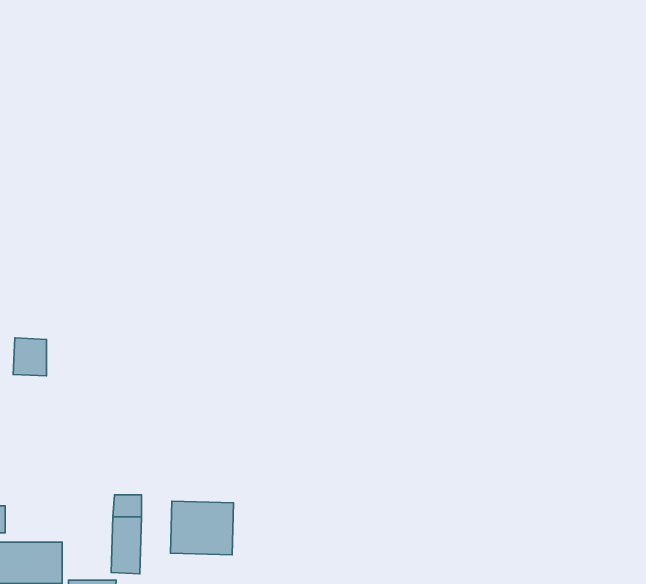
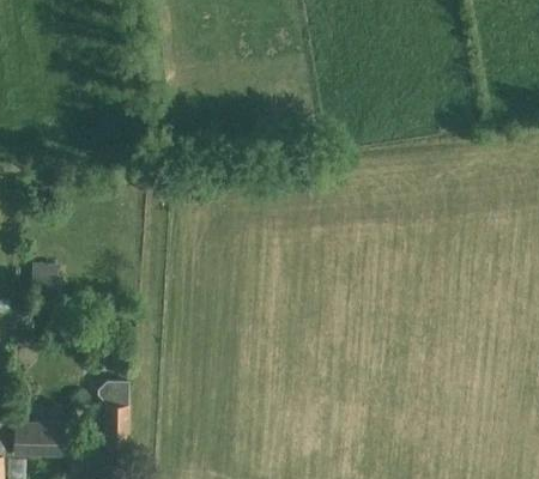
building: [170,501,234,555] -> none

